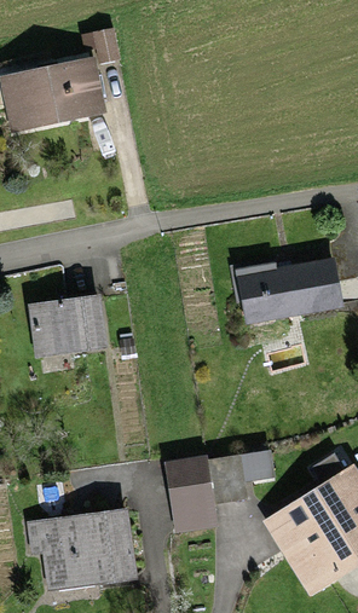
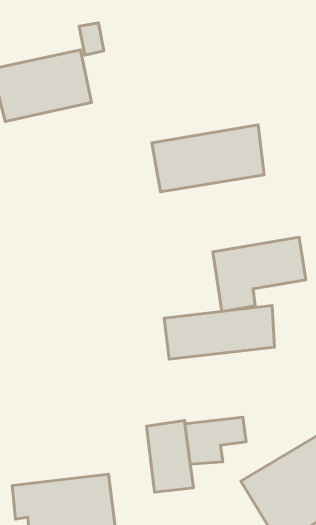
building: none -> [152,125,264,192]
building: [27,296,103,353] -> none
building: none -> [164,306,275,359]

